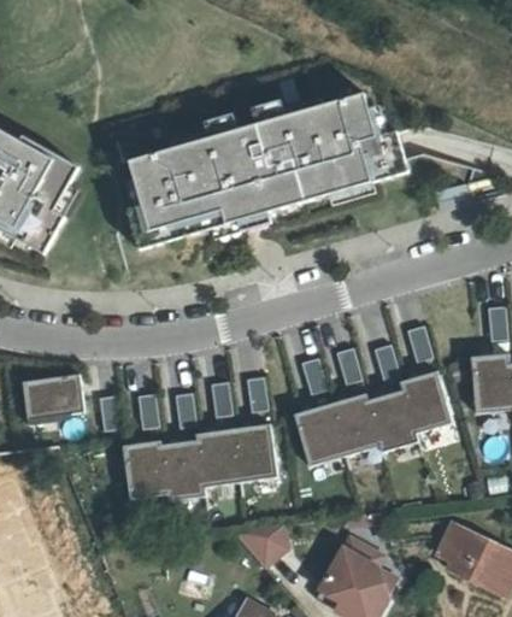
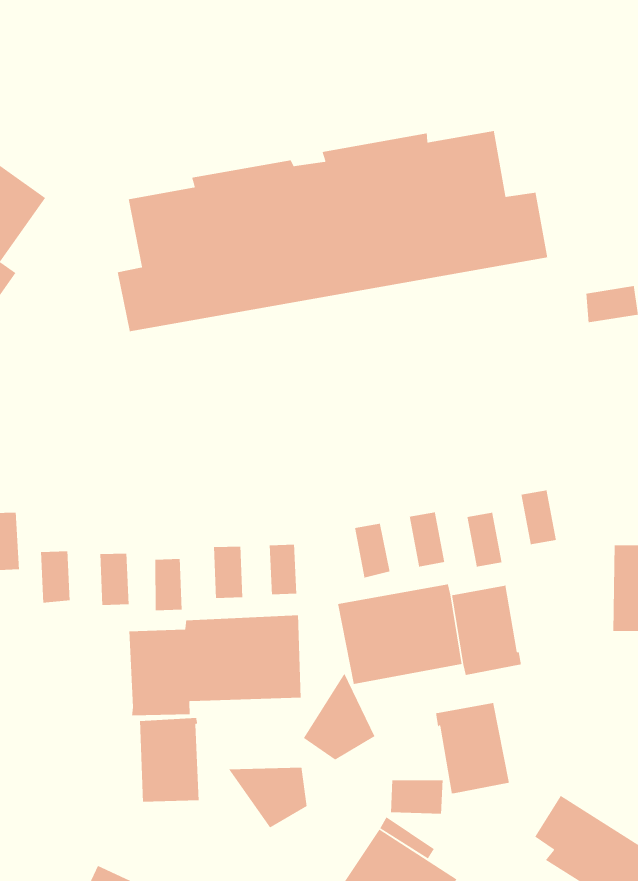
building: [399,369,452,431] -> [435,702,510,794]
building: [123,439,167,498] -> [139,717,200,802]
building: none -> [303,672,376,760]

